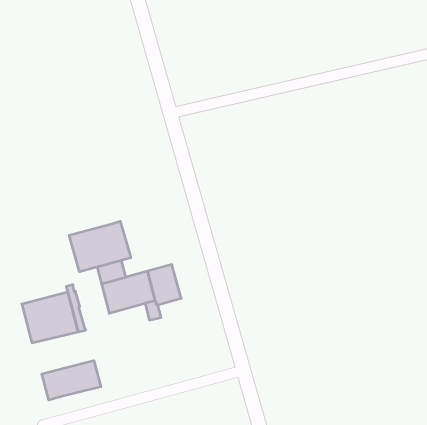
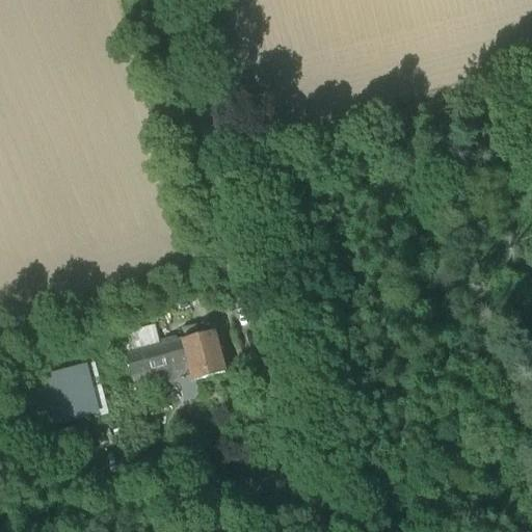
building: [69,221,131,272] -> none
building: [42,361,101,400] -> none

